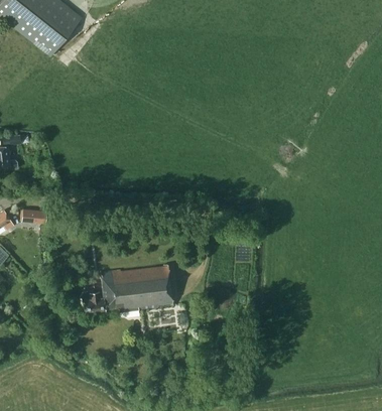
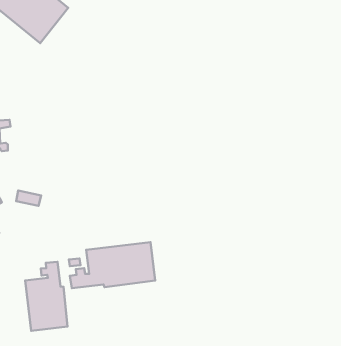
building: none -> [25,262,68,331]

